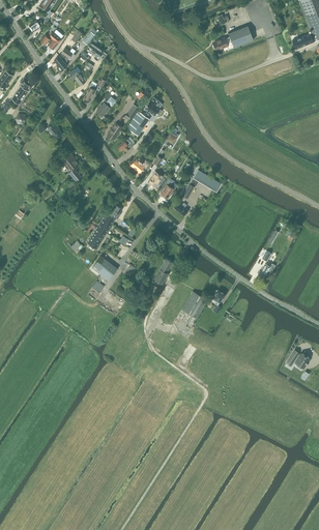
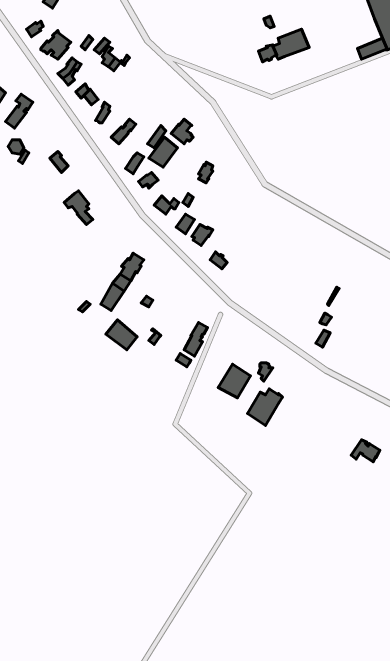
building: [182,170,222,198] -> none
building: none -> [247,389,282,425]

